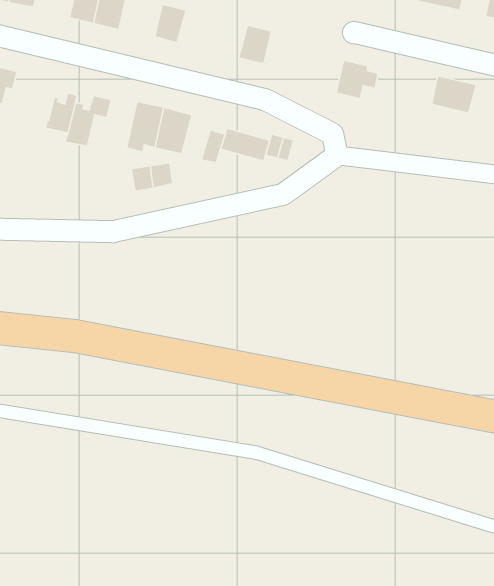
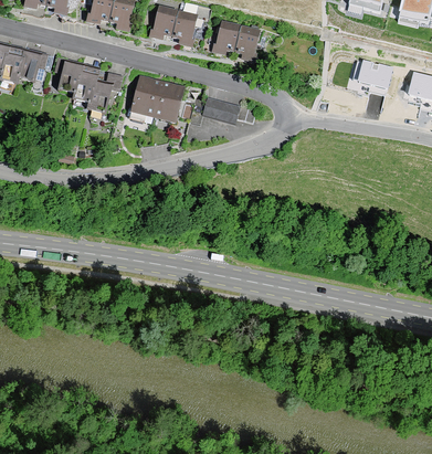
building: none -> [170,11,194,40]
building: [336,60,378,99] -> [234,27,265,55]
building: none -> [54,57,82,93]

